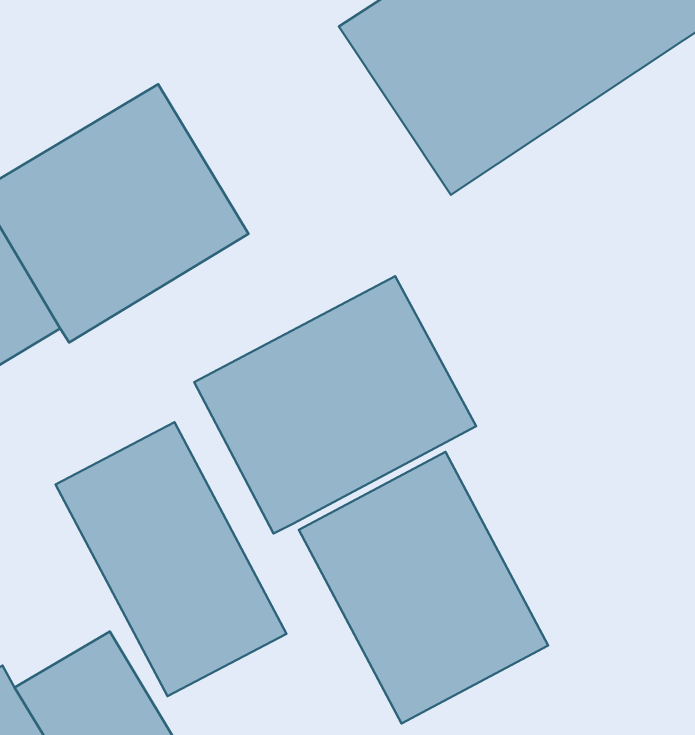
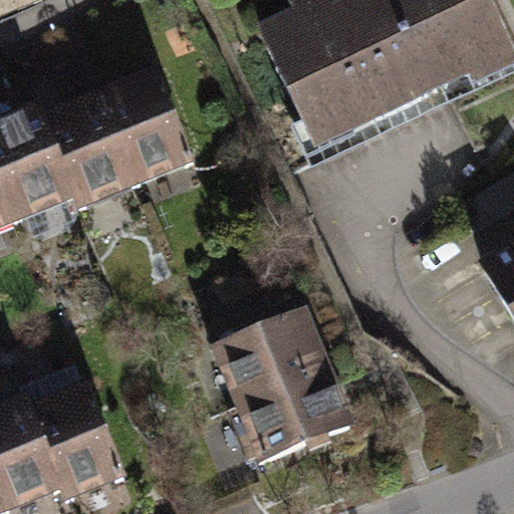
building: [194,276,476,534] -> none
building: [56,422,287,696] -> none

